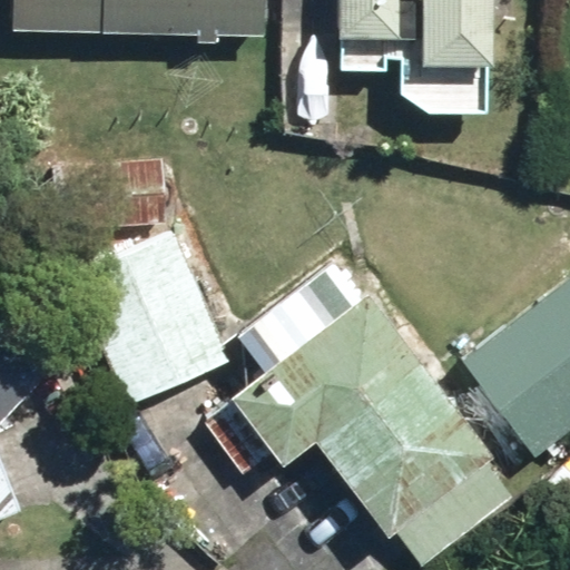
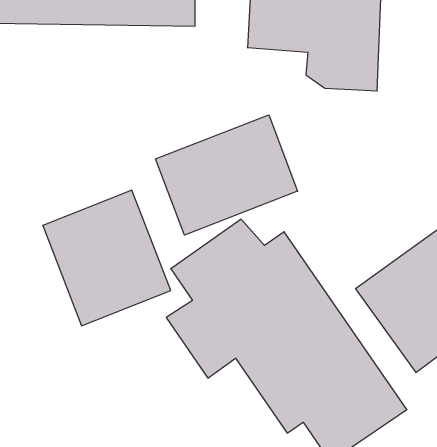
building: none -> [156,115,298,235]

